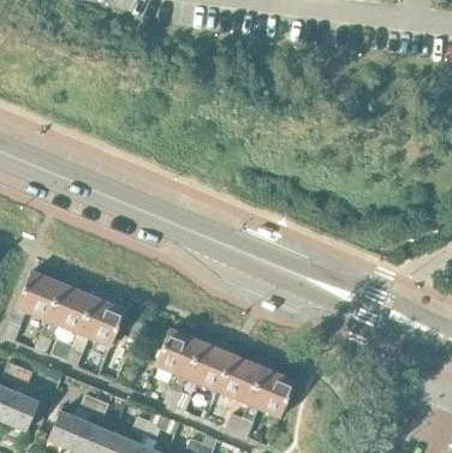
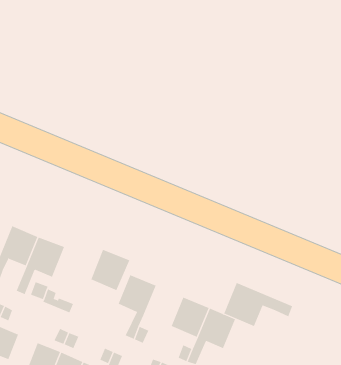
building: [79,297,126,346] -> [90,249,130,291]
building: none -> [223,282,293,327]
building: [188,342,233,391] -> none

